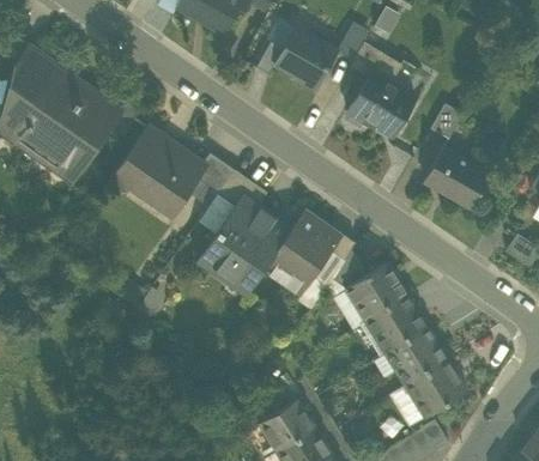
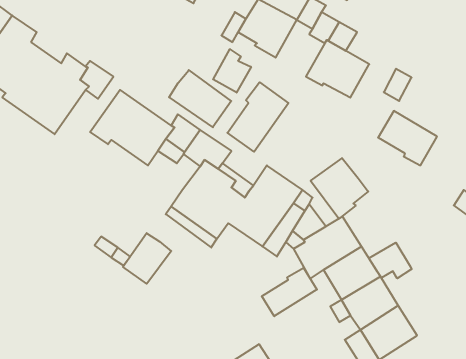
building: none -> [213,49,251,93]
building: none -> [169,70,231,127]
building: none -> [227,82,288,152]
building: [196,196,232,235] -> none
building: none -> [311,158,368,219]
building: none -> [123,233,171,284]
building: none -> [369,243,412,278]
building: none -> [262,268,317,316]

